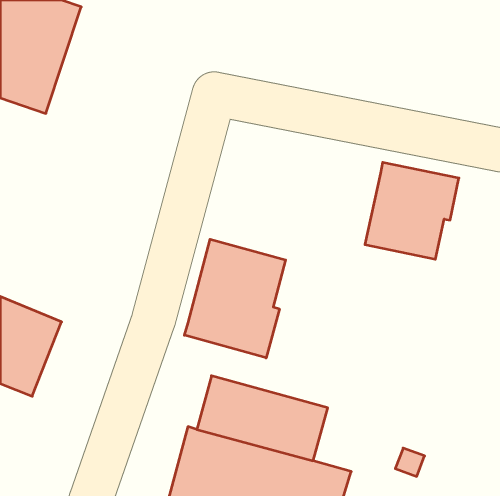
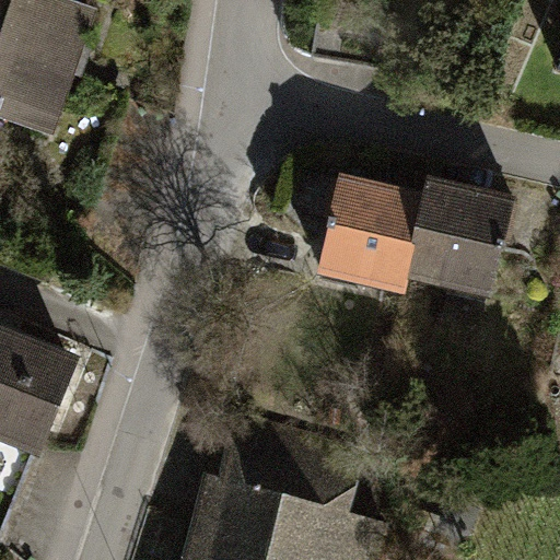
building: none -> [320,180,425,291]
building: [184,239,286,358] -> none

